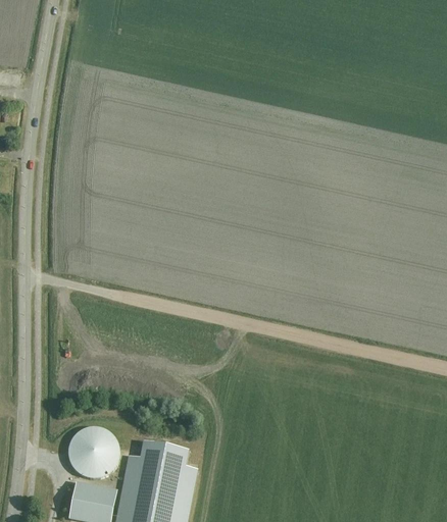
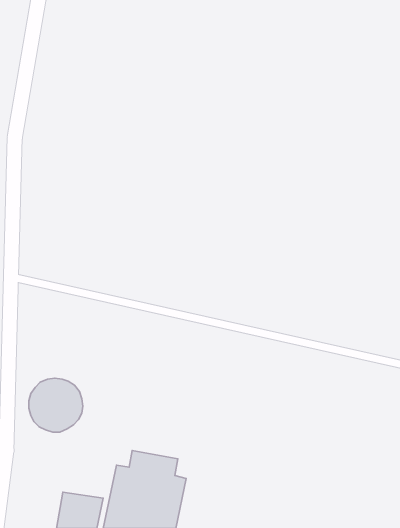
building: [66,426,119,479] -> [29,378,83,432]

